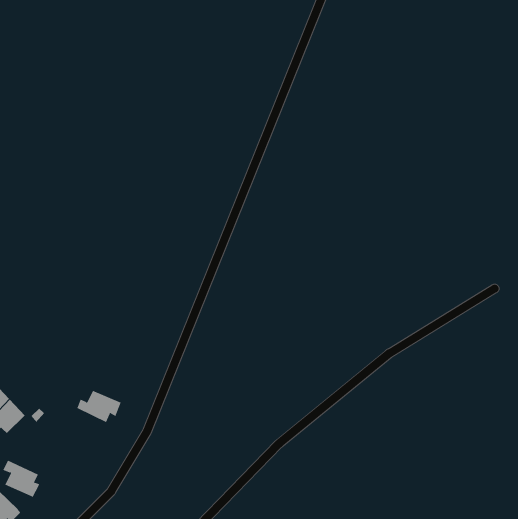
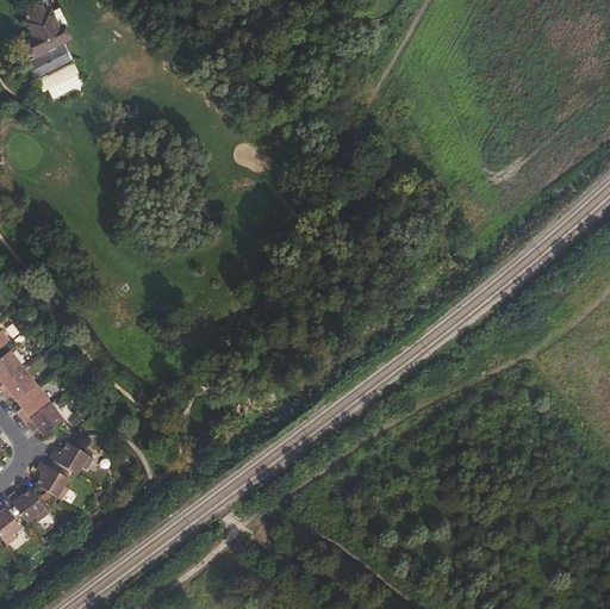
building: [76,390,121,423] -> [49,441,93,474]

